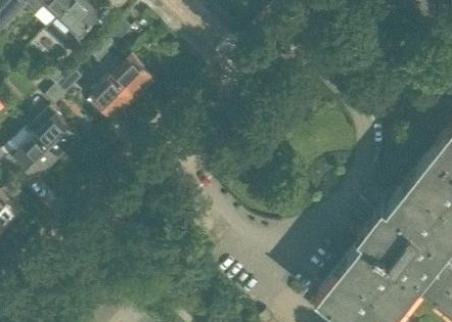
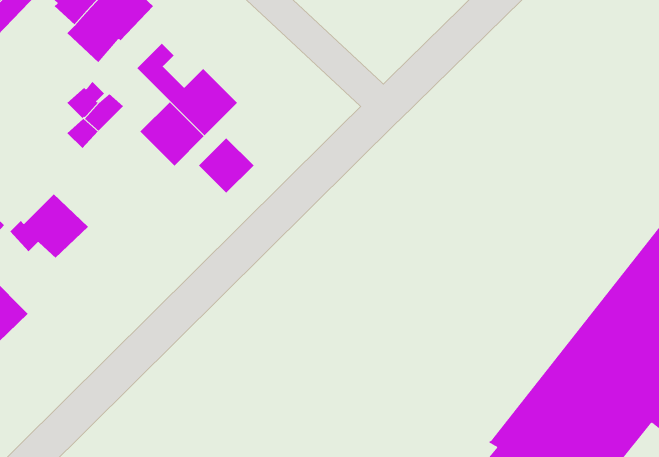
building: none -> [198,137,254,194]
building: [31,108,79,156] -> none

